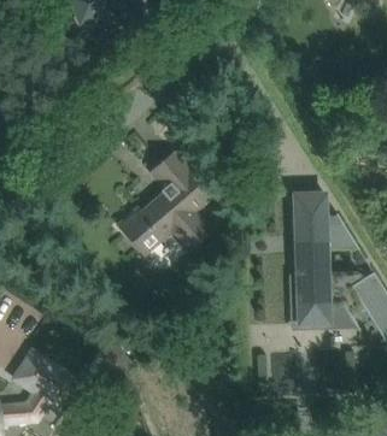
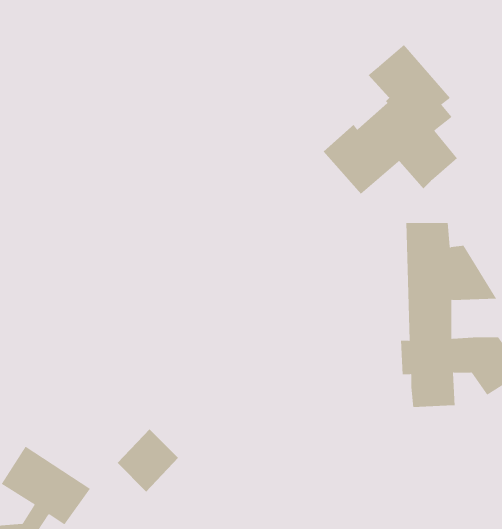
building: [117,151,211,255] -> [323,44,458,195]

